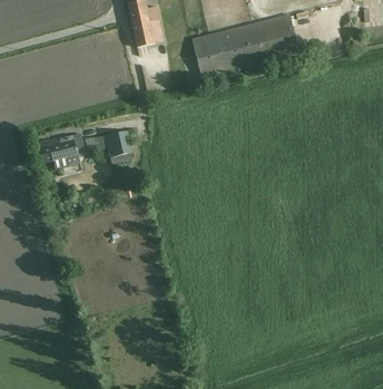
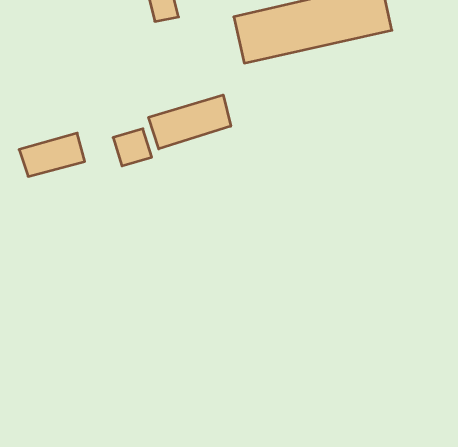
building: none -> [149,95,231,149]

